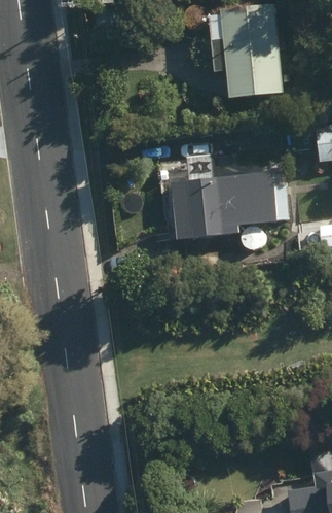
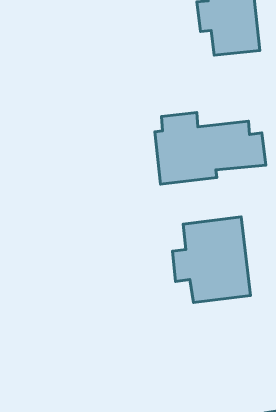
building: none -> [173,217,250,302]

